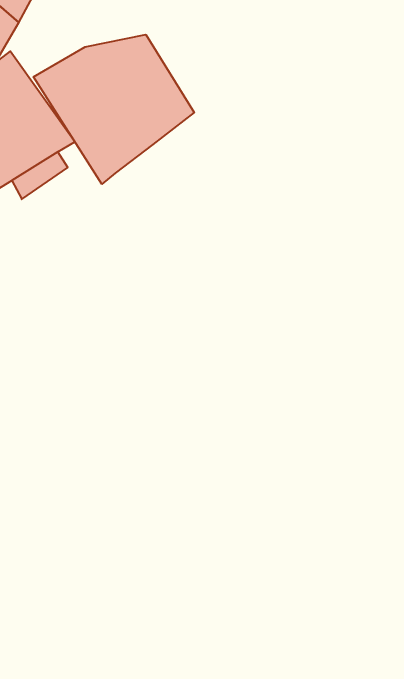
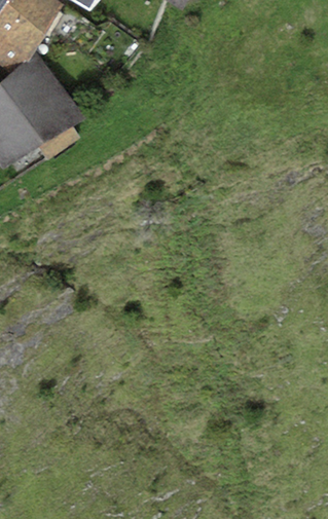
building: [34,35,194,184] -> none

